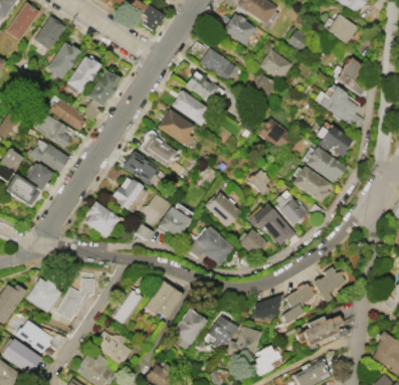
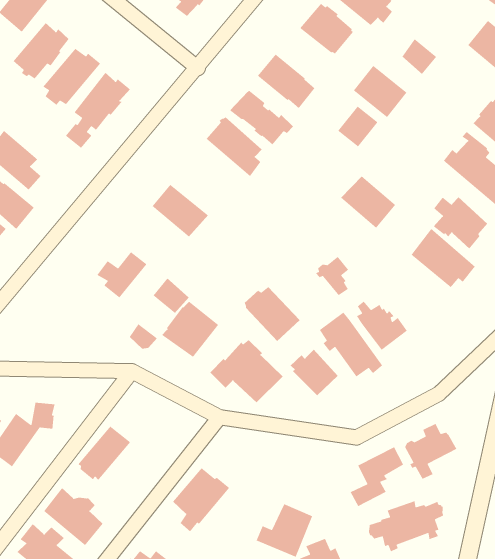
building: [49,99,85,131] -> none
building: [157,109,194,147] -> none
building: [122,150,158,184] -> none
building: [292,165,332,204] -> none
building: [85,201,120,237] -> none
building: [146,280,184,318] -> none
building: [252,295,282,321] -> none
building: [208,315,239,352] -> none

